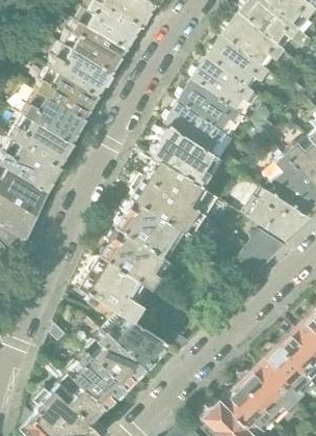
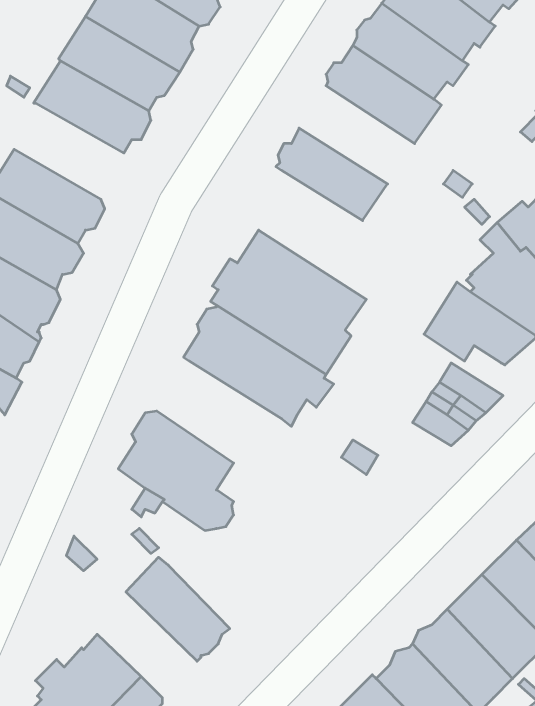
building: [179,81,241,134] -> none
building: [23,90,86,142] -> none
building: [151,127,219,196] -> none
building: [102,229,169,293] -> none
building: [108,320,169,374] -> none
building: [67,354,124,411] -> none

